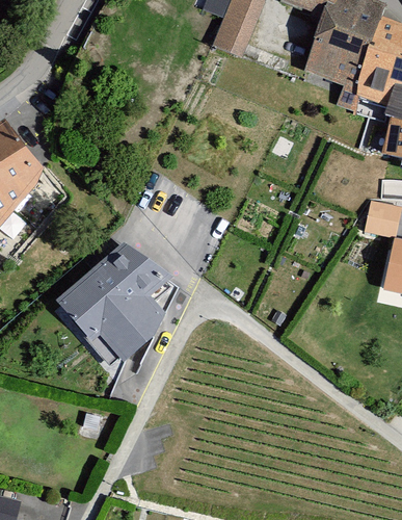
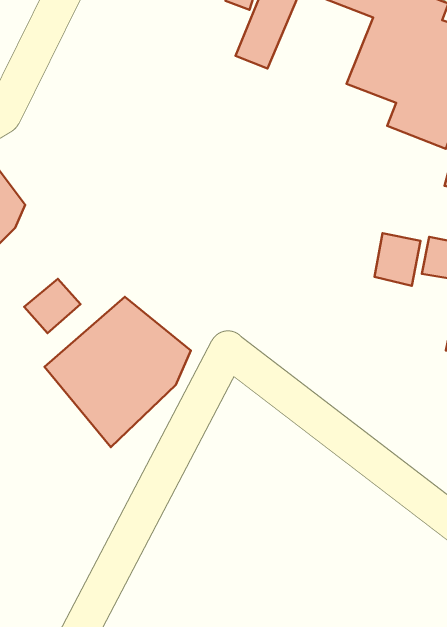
building: none -> [374,233,421,286]
building: none -> [24,279,81,333]

